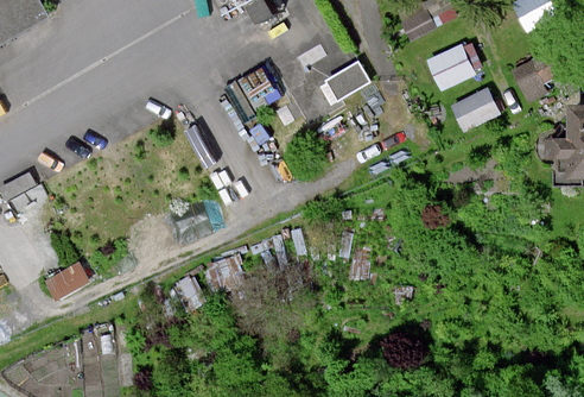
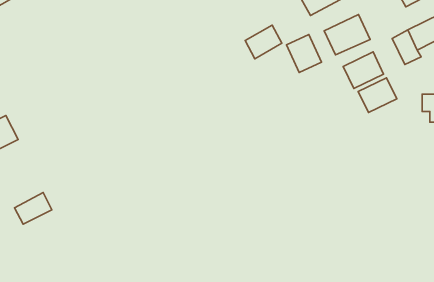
building: none -> [286,34,322,73]
building: none -> [358,78,397,112]

